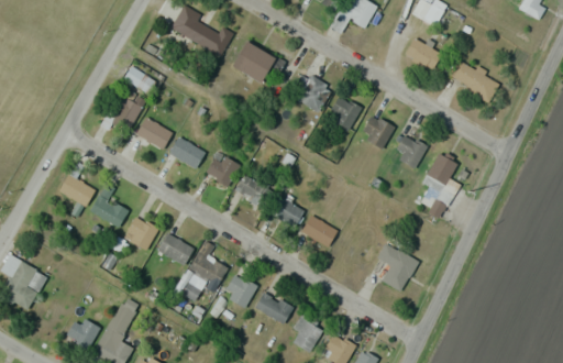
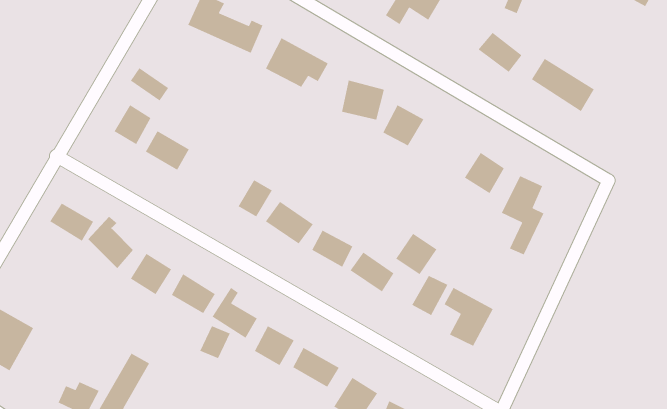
building: [361,116,394,148] -> none
building: [169,136,206,169] -> none
building: none -> [395,233,438,275]
building: none -> [411,275,448,316]

